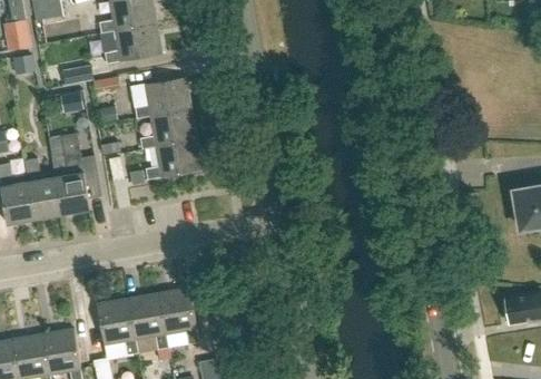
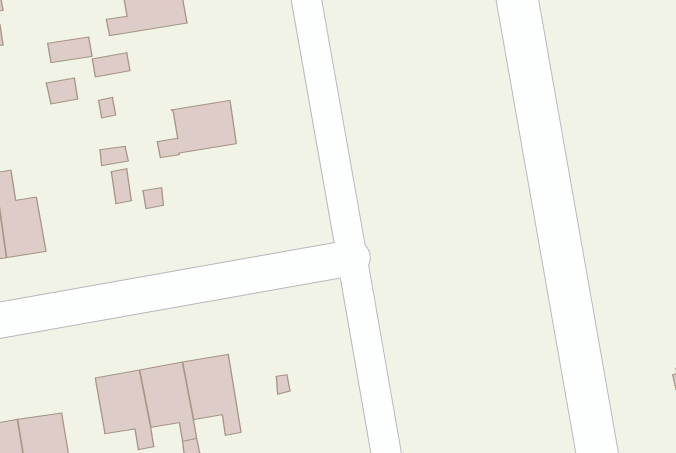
building: [135,77,191,119] -> none
building: [50,135,102,215] -> none
building: [146,139,201,179] -> none

